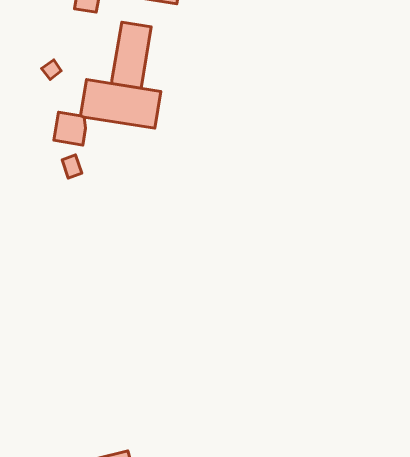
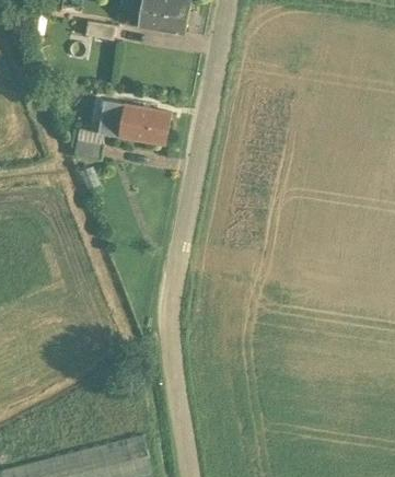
building: [112,22,151,88] -> none

